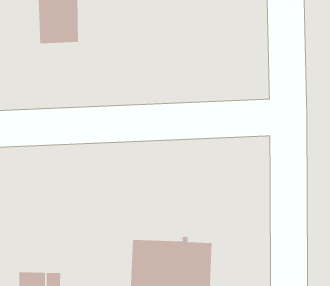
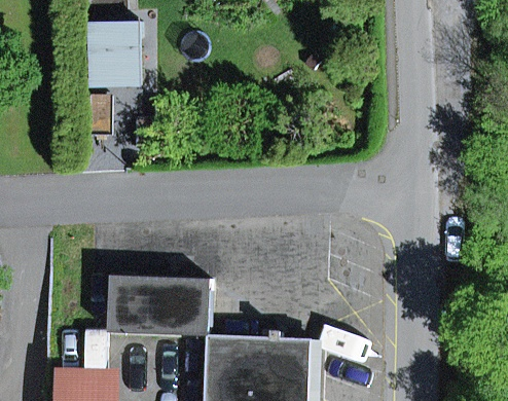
building: none -> [108,277,210,337]

